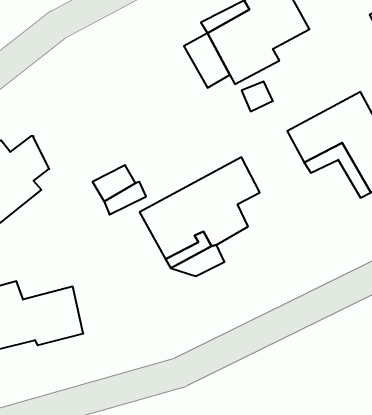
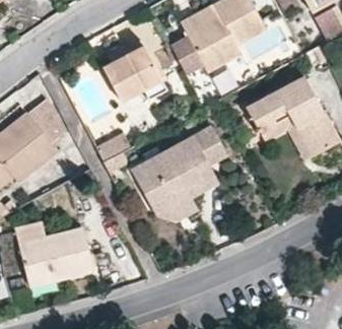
building: none -> [104,42,166,117]

